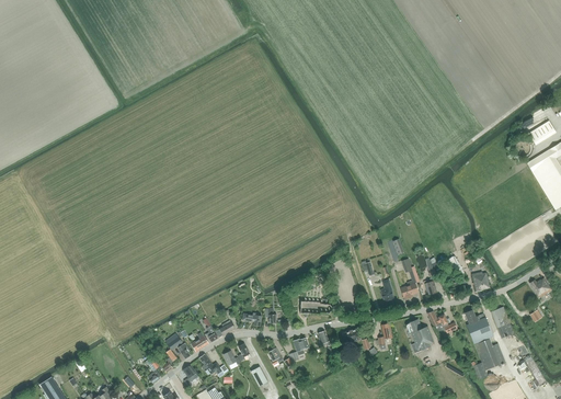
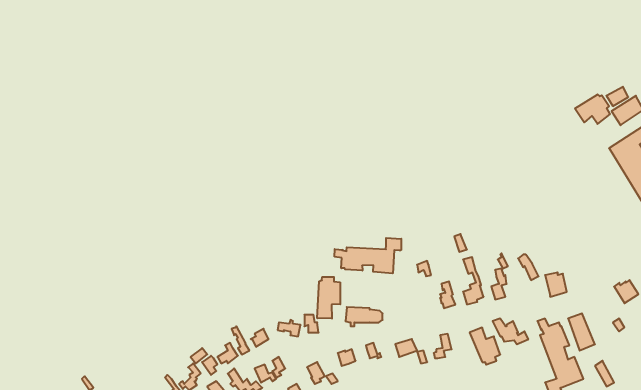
building: none -> [575,94,610,124]
building: none -> [335,238,401,273]
building: none -> [317,277,340,319]

